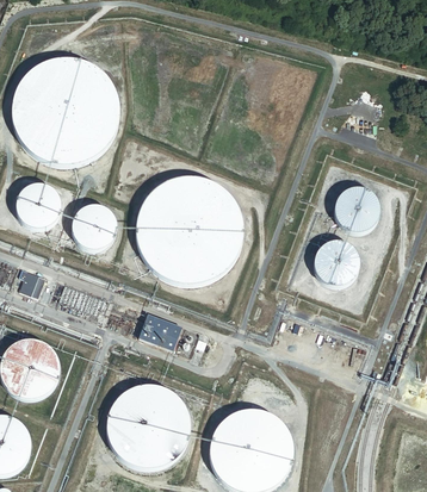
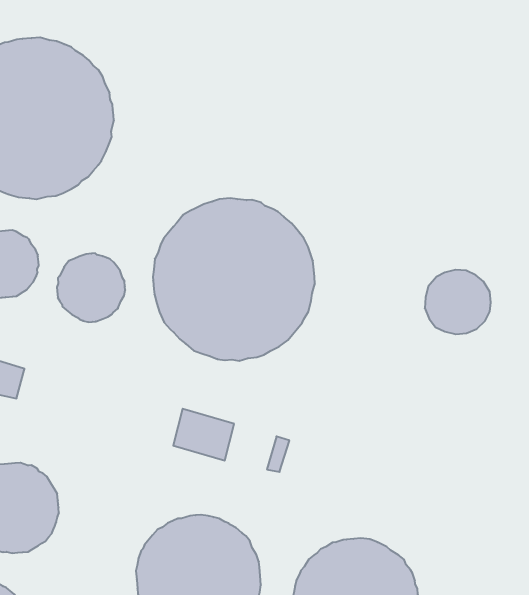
building: [335,183,378,228] -> none

